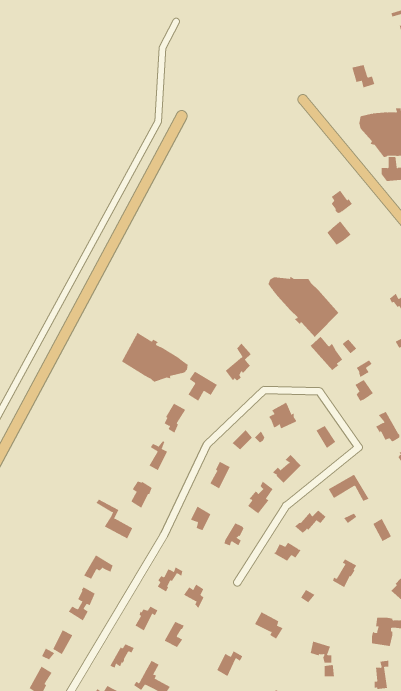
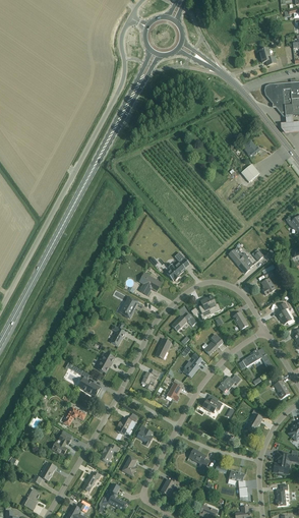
building: [268,275,339,338] -> none
building: [121,332,188,382] -> none

